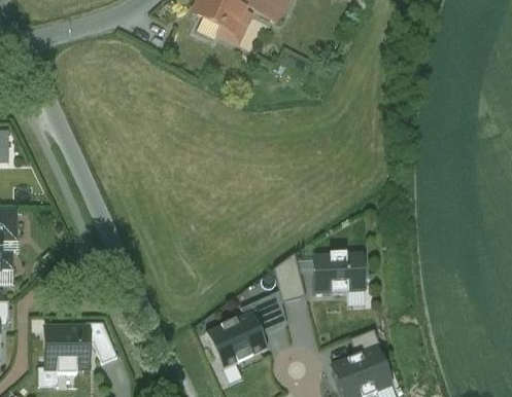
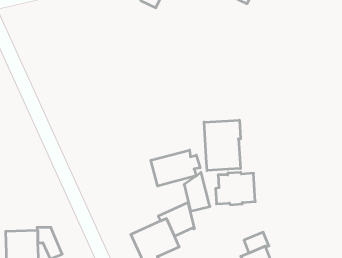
building: none -> [204,120,240,171]
building: none -> [151,150,200,186]

